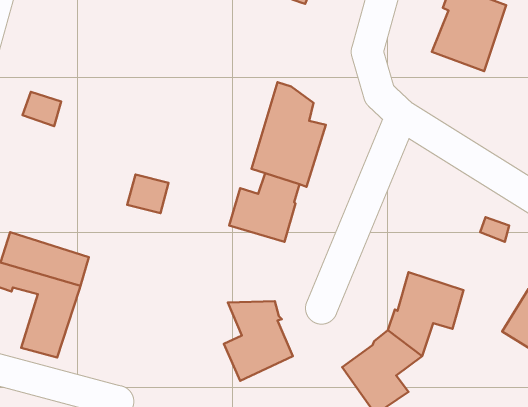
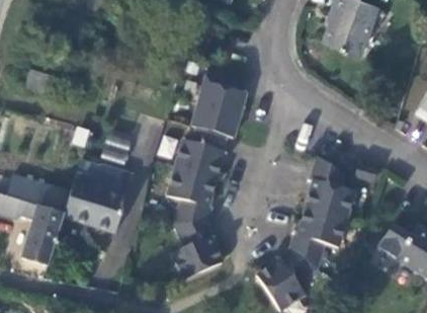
building: none -> [307,155,354,218]
building: none -> [65,167,130,234]
building: none -> [167,170,216,227]

